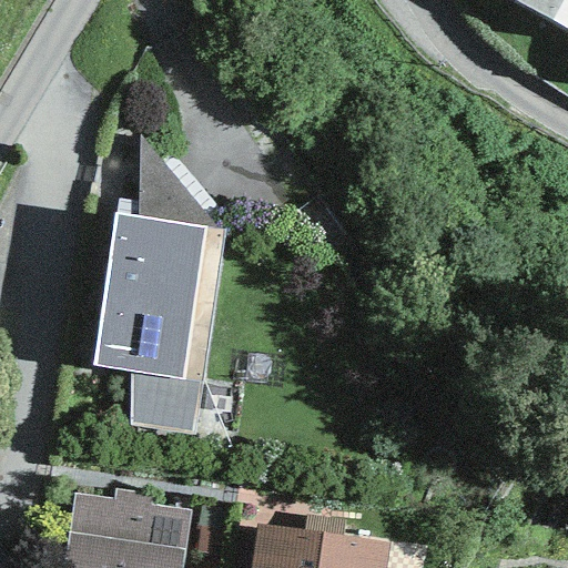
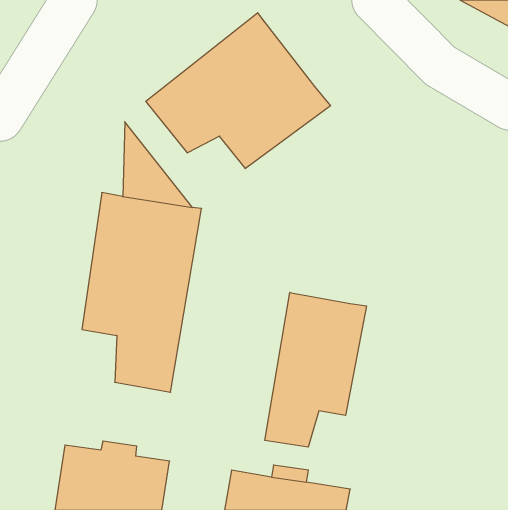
building: none -> [146,13,330,169]
building: none -> [265,292,366,447]

